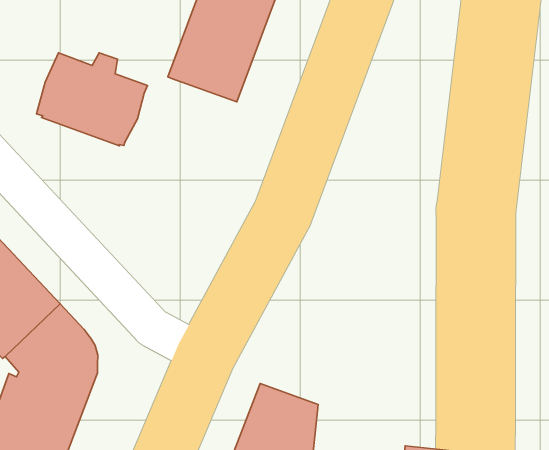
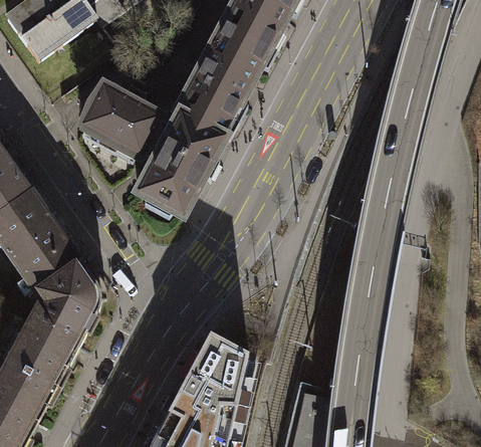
building: none -> [136,115,222,216]

